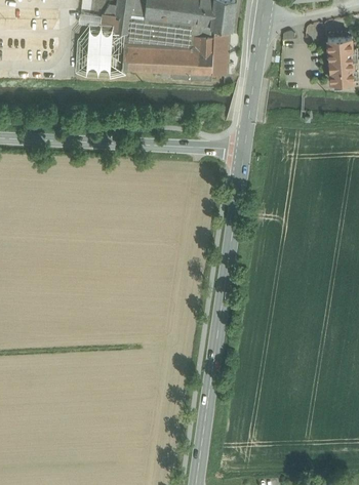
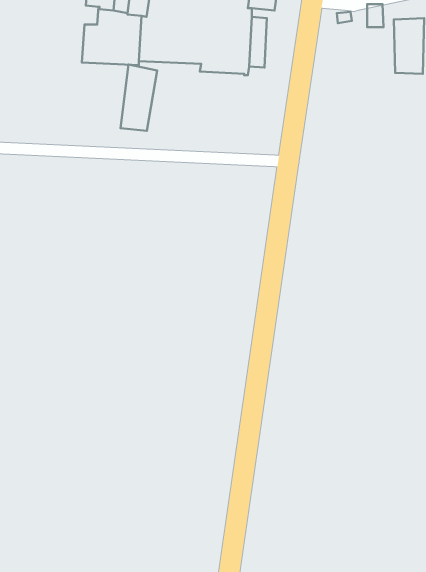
building: none -> [120,65,157,131]

